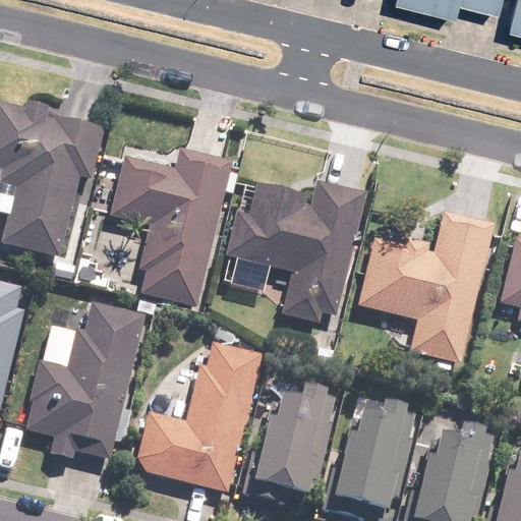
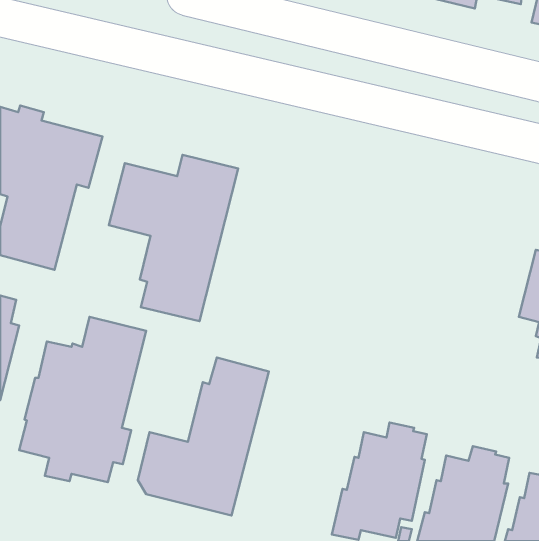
building: [225,180,366,323] -> none
building: [358,212,494,368] -> none
building: [243,388,334,500] -> none

